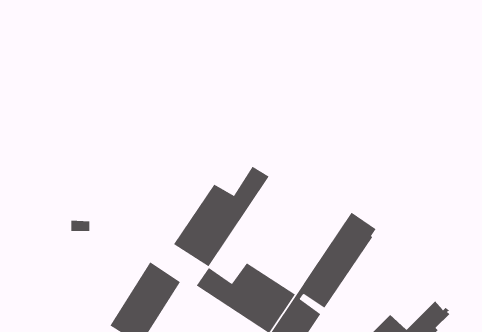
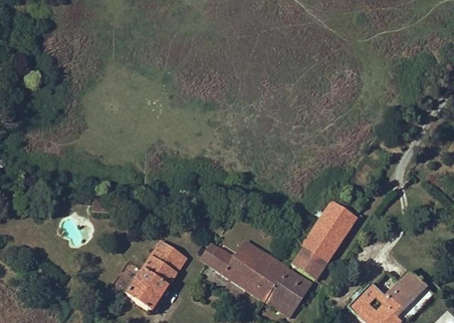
building: [173,166,269,267] -> none

